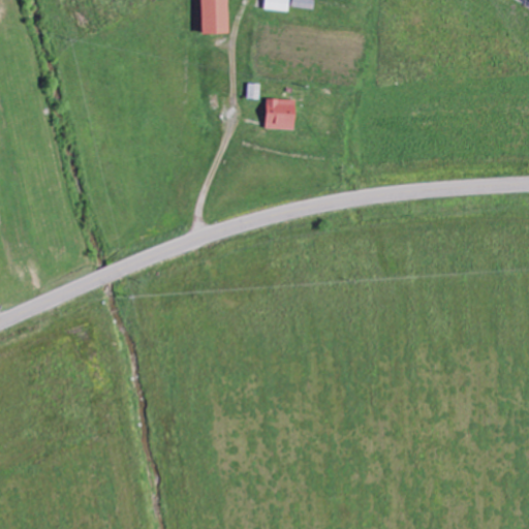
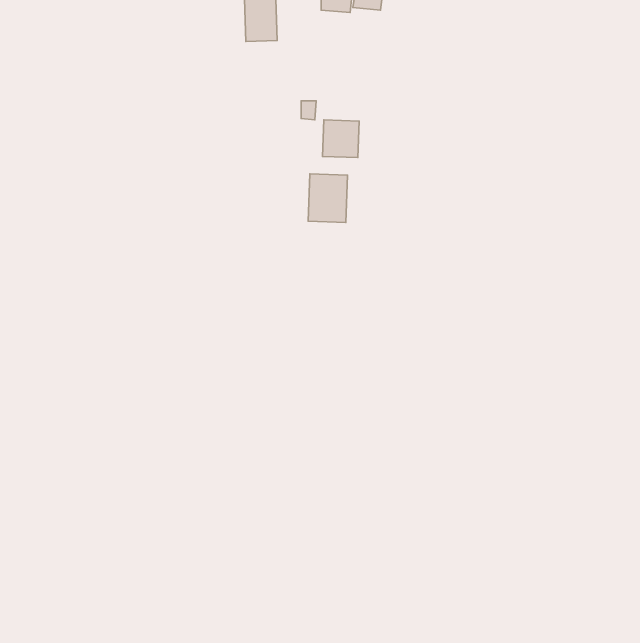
building: none -> [308,174,347,222]

